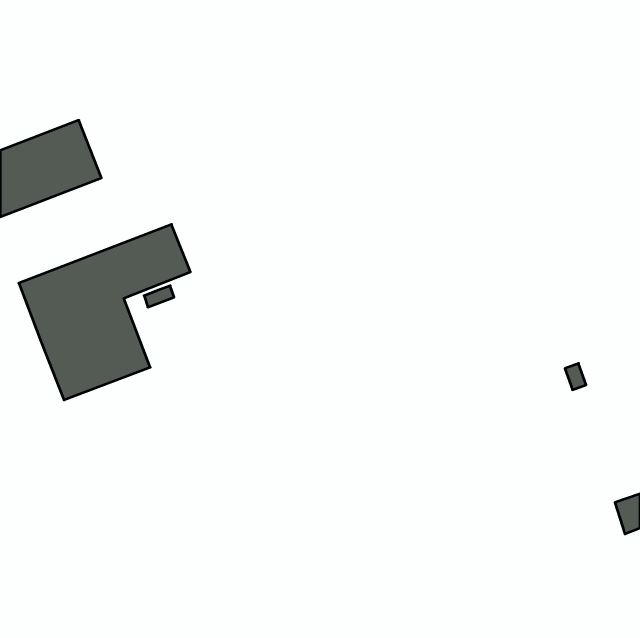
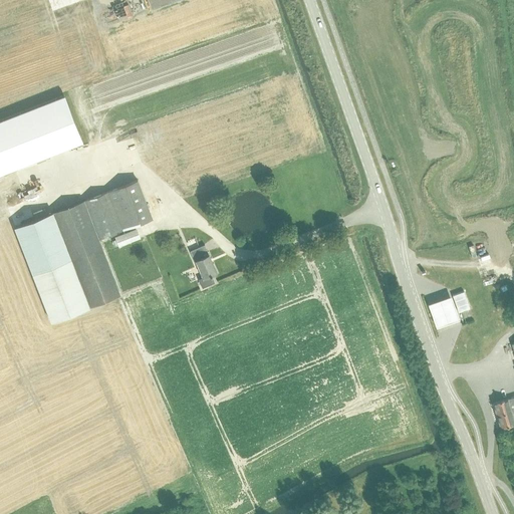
building: none -> [190,246,216,287]
building: none -> [427,296,459,327]

